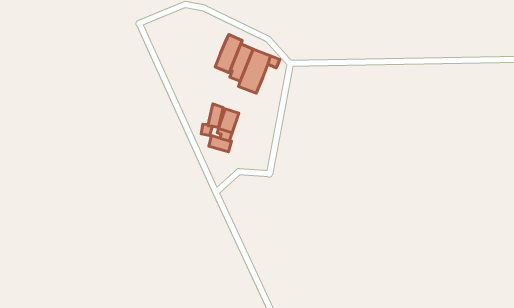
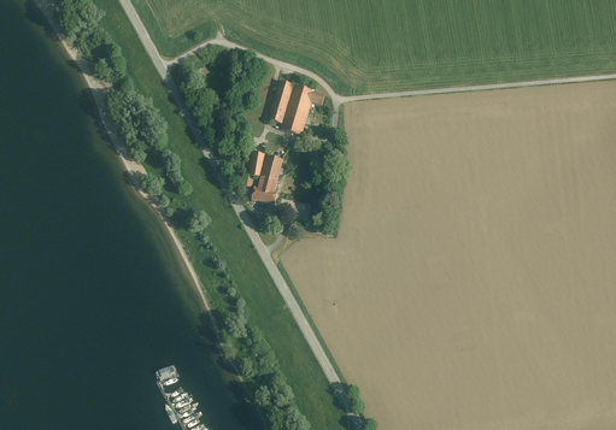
building: [215,35,242,73] -> none

